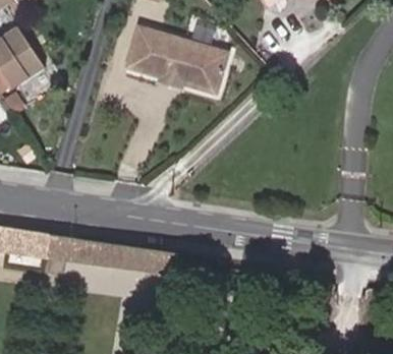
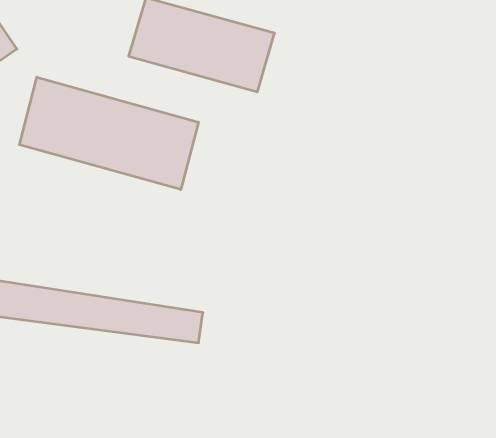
building: none -> [19,77,198,190]

